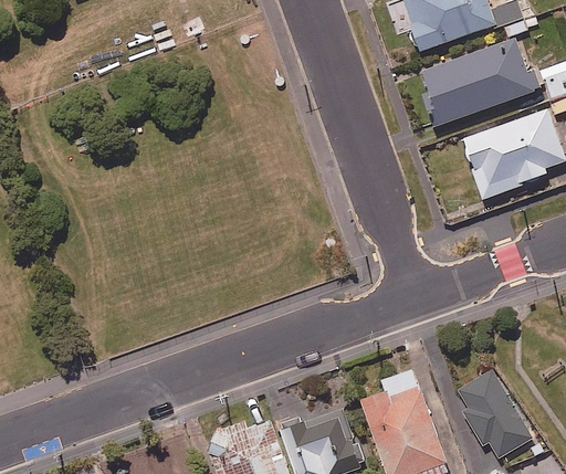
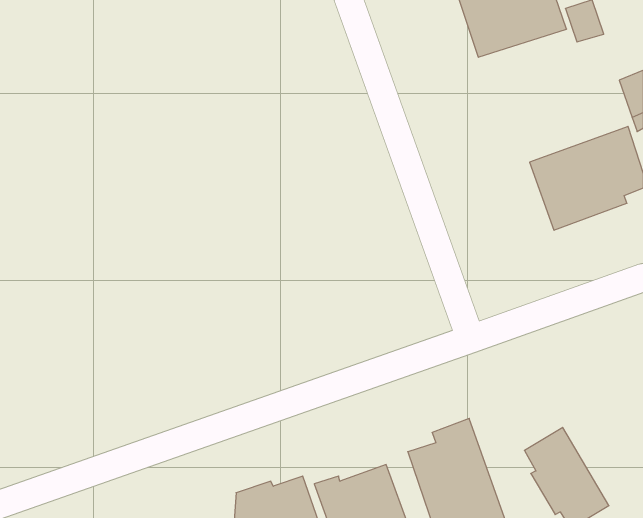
building: [424,40,542,126] -> none

